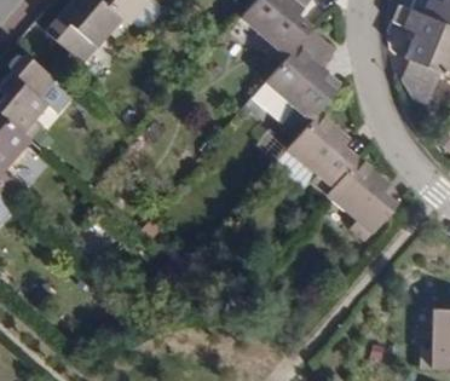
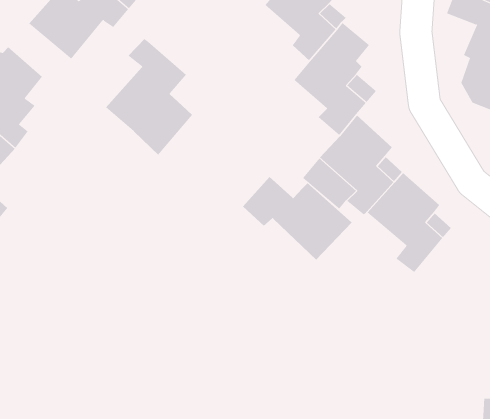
building: none -> [105,38,193,155]
building: none -> [242,176,352,260]

